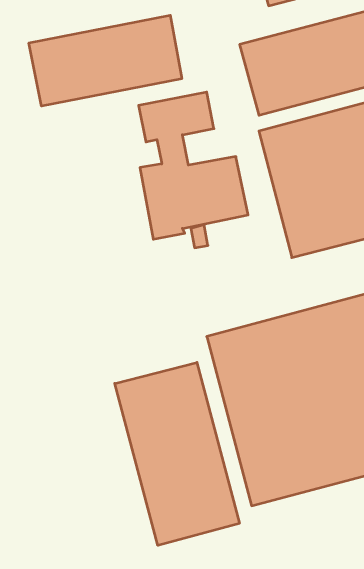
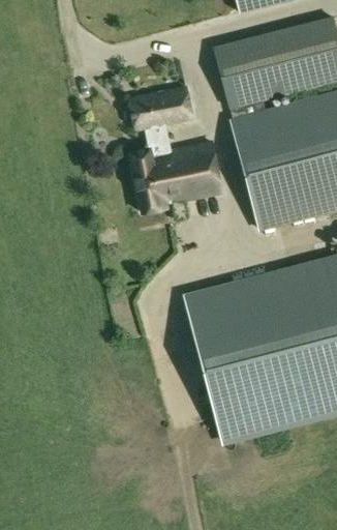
building: [29,15,182,106] -> none
building: [115,362,239,545] -> none

